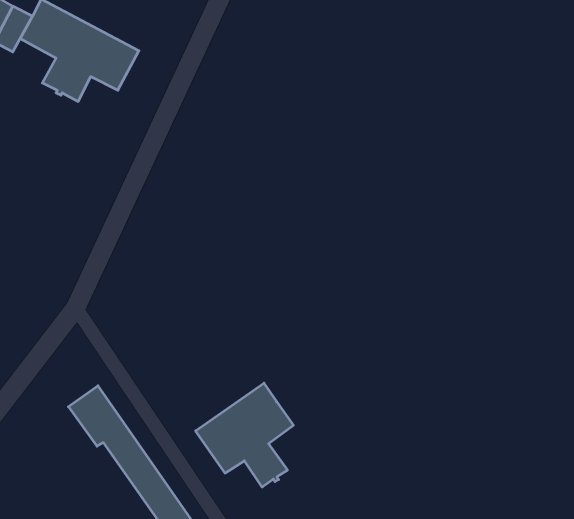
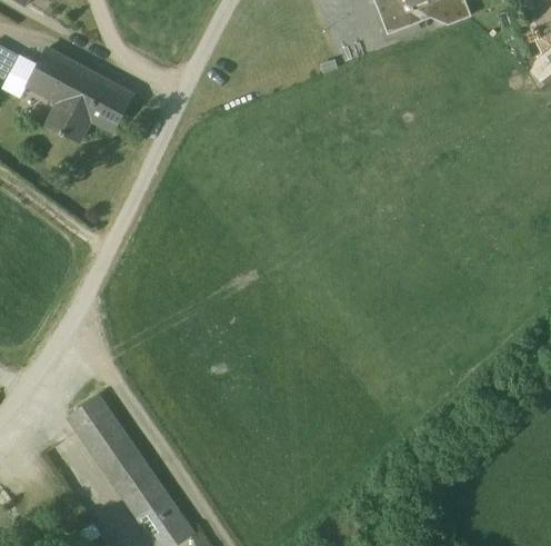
building: [196,383,293,487] -> none

